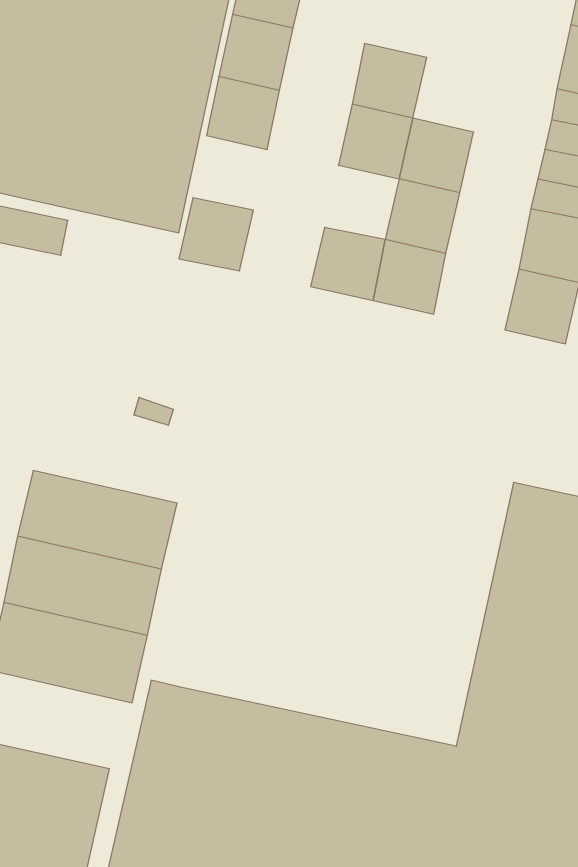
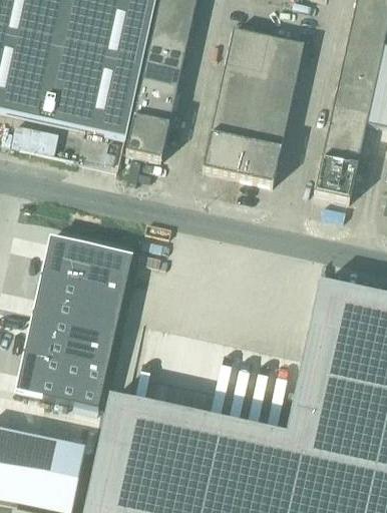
building: none -> [262,35,305,78]
building: none -> [134,80,177,123]
building: none -> [211,97,254,140]
building: none -> [42,235,133,293]

